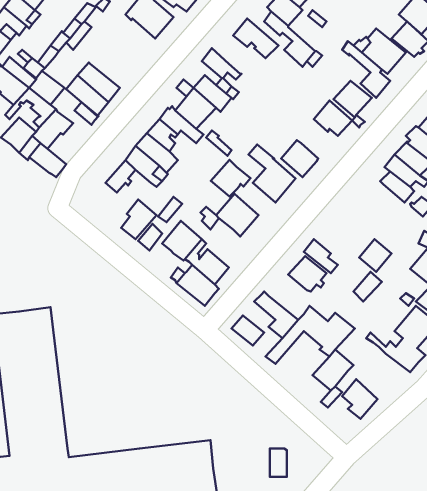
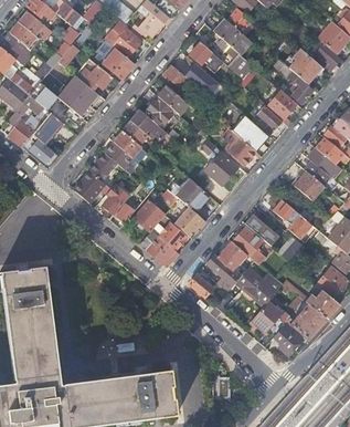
building: none -> [96,39,136,79]
building: none -> [77,58,113,90]
building: none -> [185,65,220,96]
building: none -> [231,114,268,150]
building: [211,160,251,196] -> [174,206,205,235]
building: none -> [74,169,110,201]
building: none -> [293,170,325,199]
building: none -> [216,241,246,277]
building: none -> [278,294,327,342]

